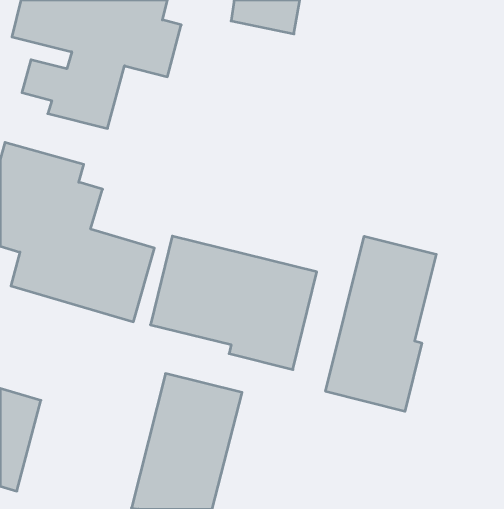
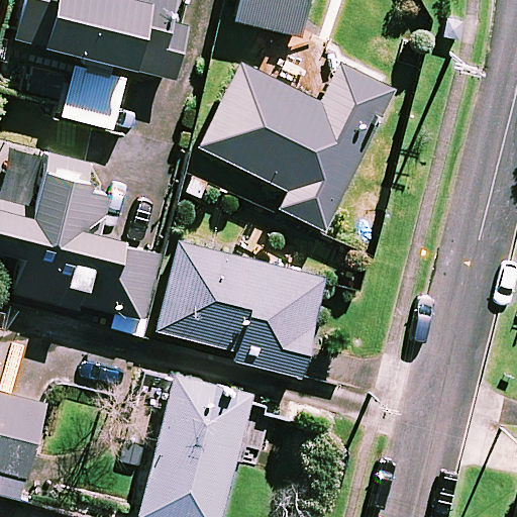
building: none -> [200,58,394,229]
building: [326,236,436,411] -> none

